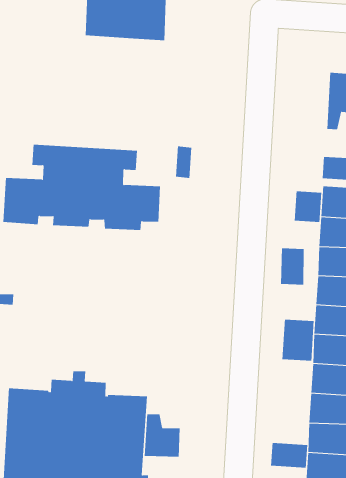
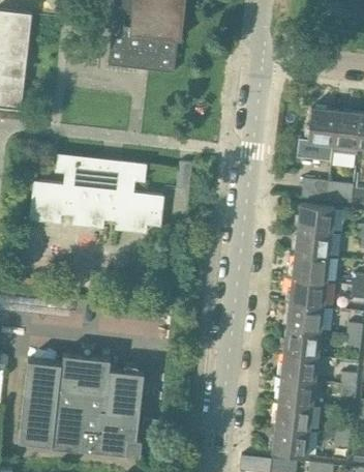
building: [294,190,322,223] -> none
building: [280,248,304,285] -> none
building: [282,319,314,362] -> none
building: [144,413,180,458] -> none
building: [270,442,308,469] -> none

